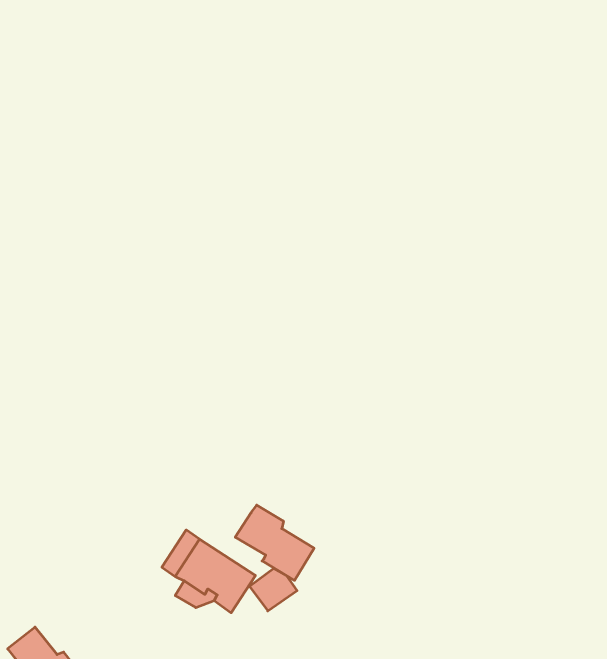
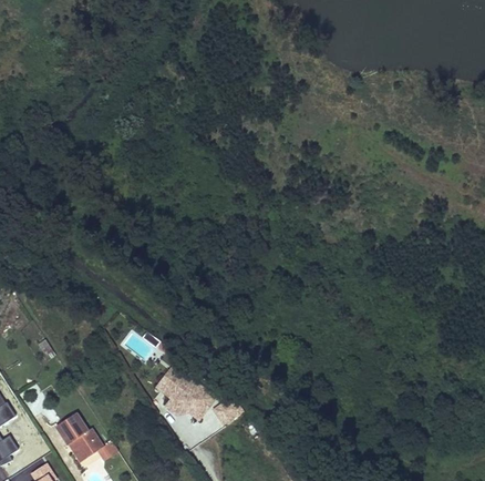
building: [235,505,314,580] -> none

